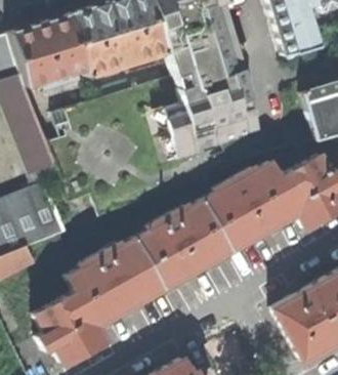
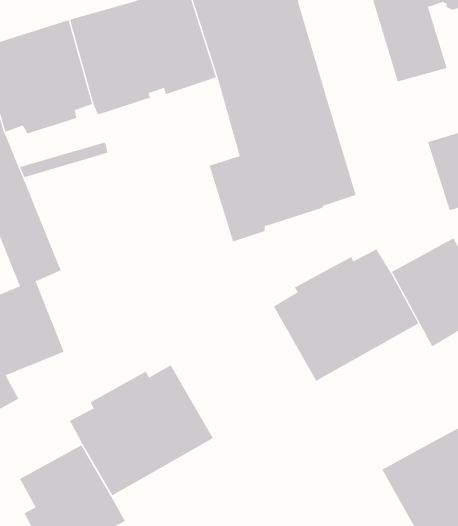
building: [134,203,228,289] -> none

